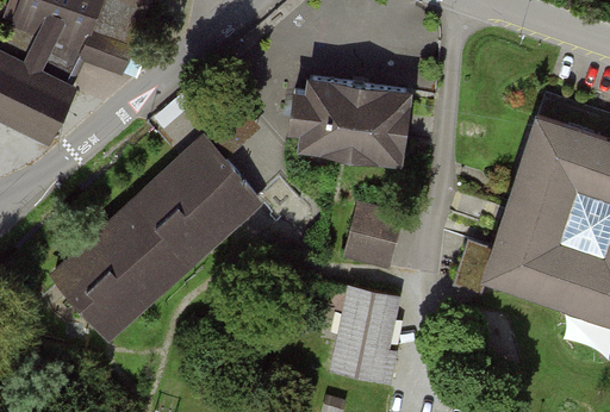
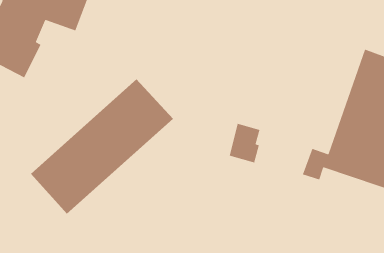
building: [293,81,409,161] -> none
building: [332,289,398,381] -> none

